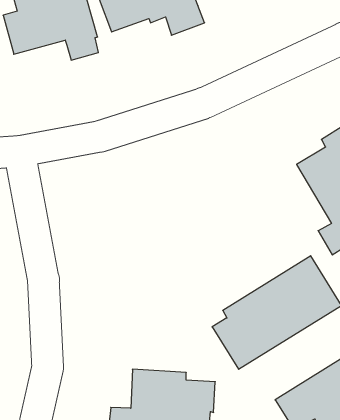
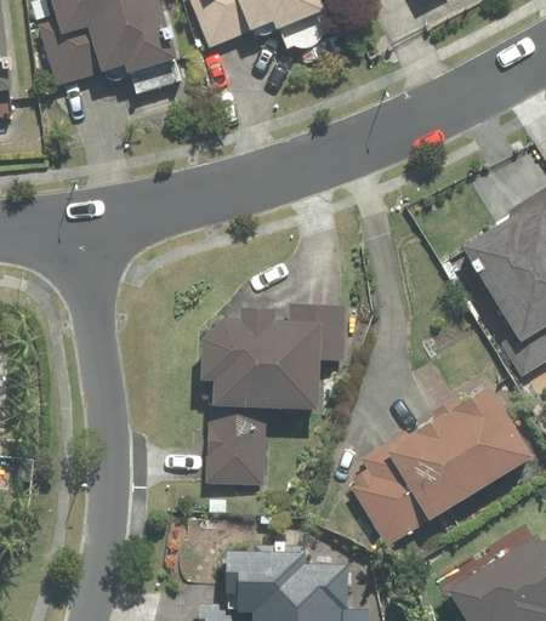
building: none -> [203,300,346,485]

